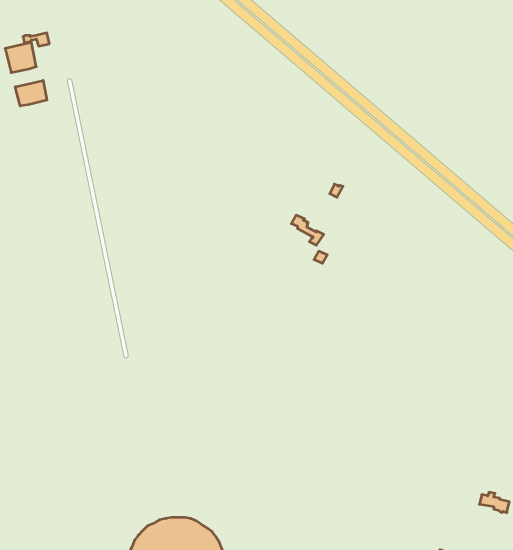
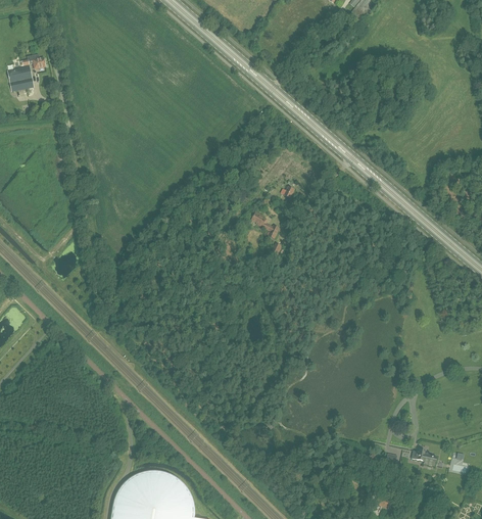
building: [15,80,47,106] -> none

